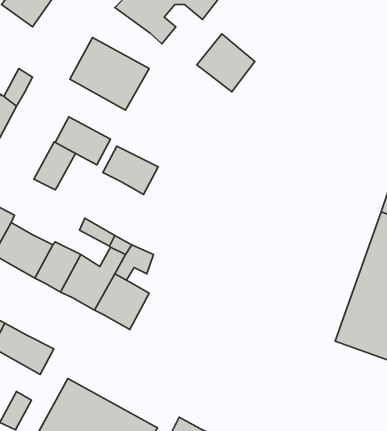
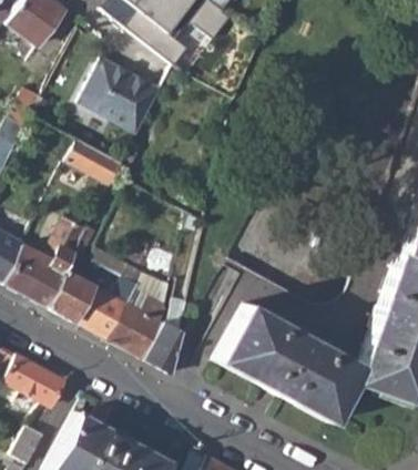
building: [197,34,255,92] -> none
building: [34,142,75,190] -> [41,223,84,273]
building: [103,146,158,194] -> none
building: none -> [223,298,363,411]
building: none -> [143,319,182,375]

